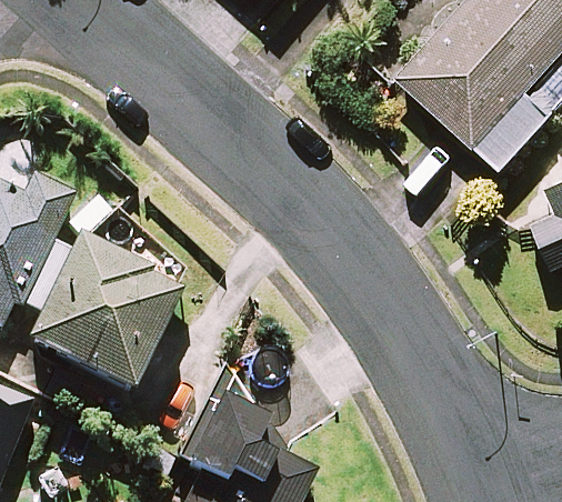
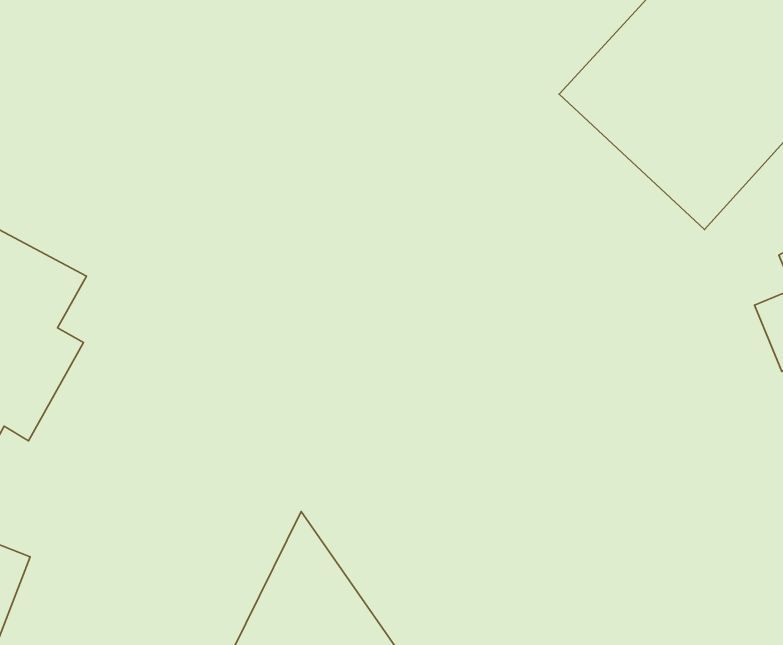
building: [28,247,178,395] -> none

